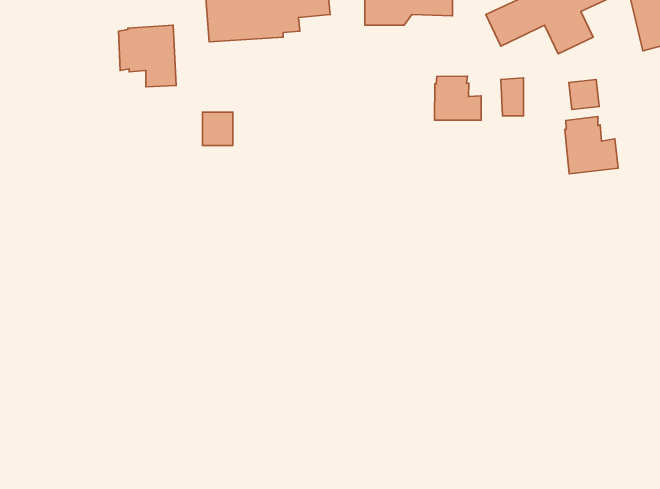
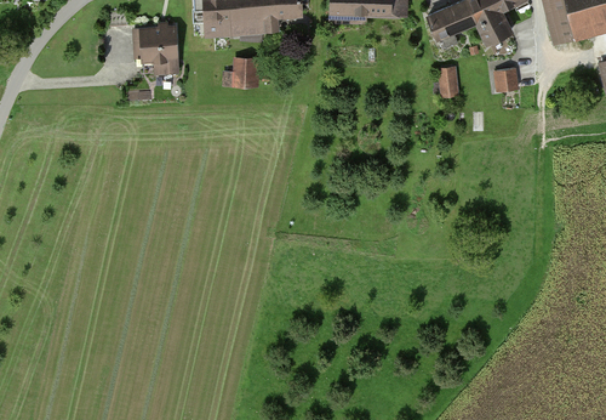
building: [434,76,481,120] -> none
building: [203,112,233,146] -> [235,56,259,83]
building: [565,116,618,174] -> none

